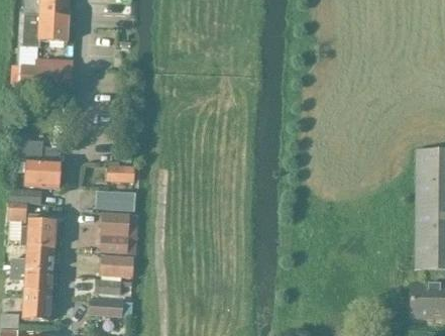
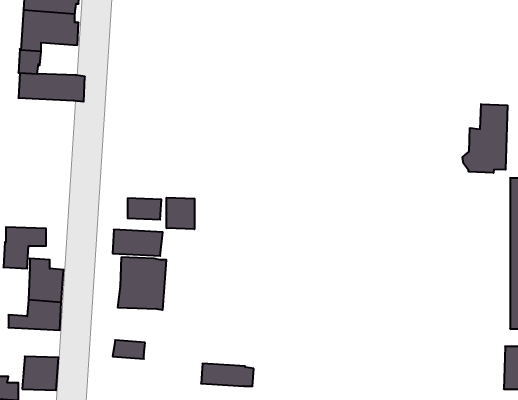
building: none -> [463,104,507,173]
building: [19,139,60,188] -> none
building: none -> [167,198,195,229]
building: [99,256,132,279] -> none
building: [11,268,53,293] -> none
building: [89,298,131,316] -> [201,364,254,386]

